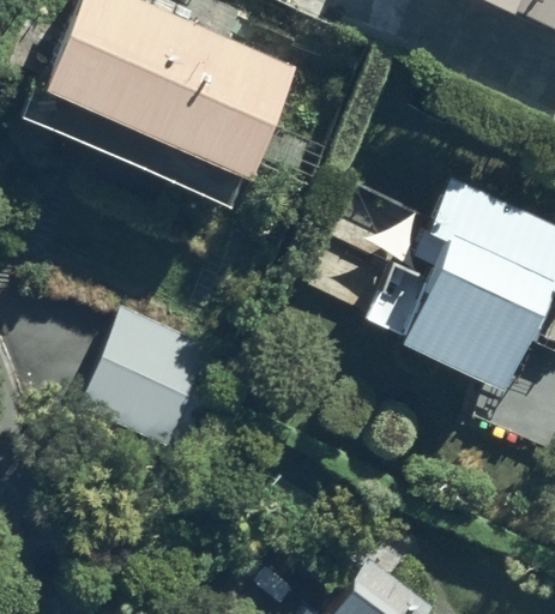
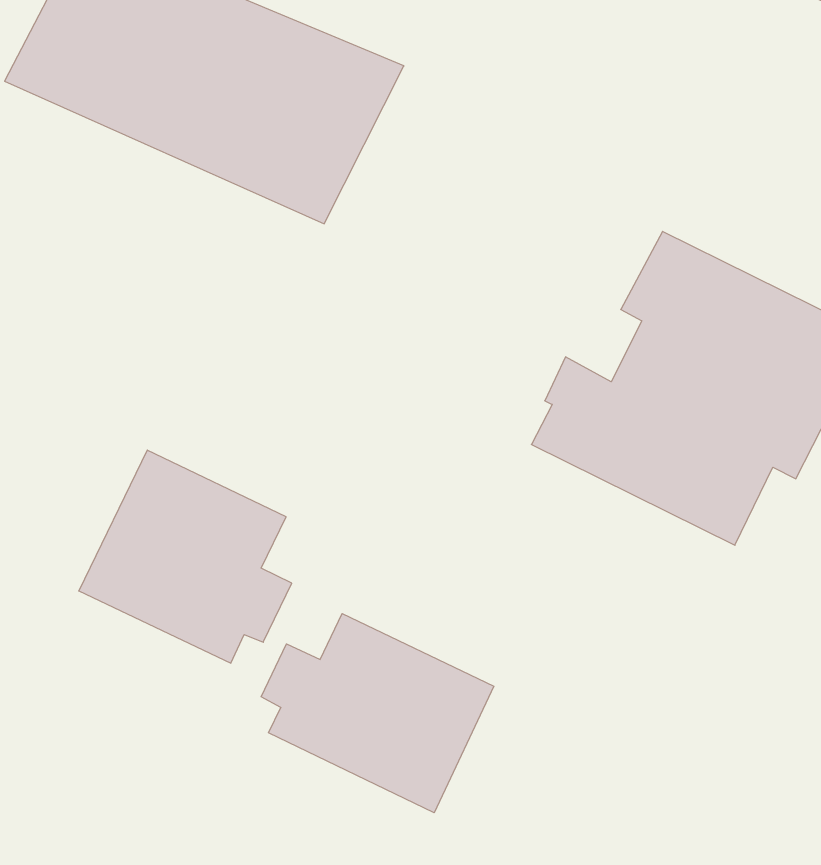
building: none -> [261,614,494,813]

